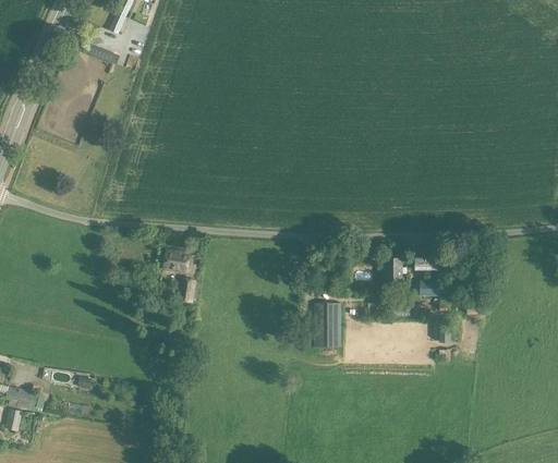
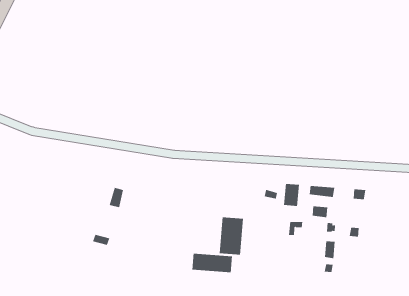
building: [162,248,189,272] -> none
building: none -> [192,253,233,273]

